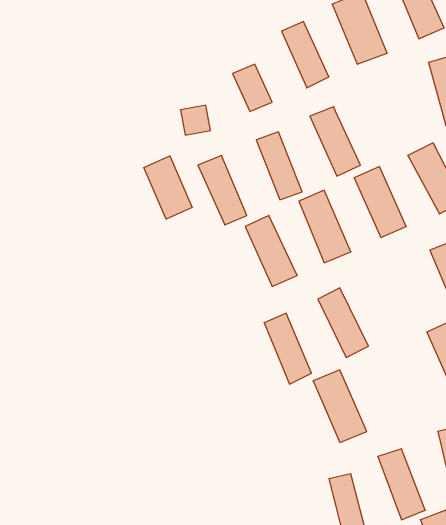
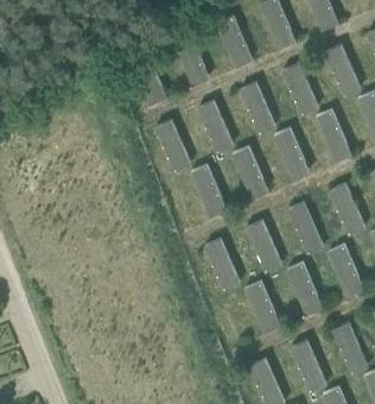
building: none -> [284,64,316,115]
building: [144,156,192,219] -> none
building: none -> [287,201,323,253]
building: none -> [282,261,324,316]

